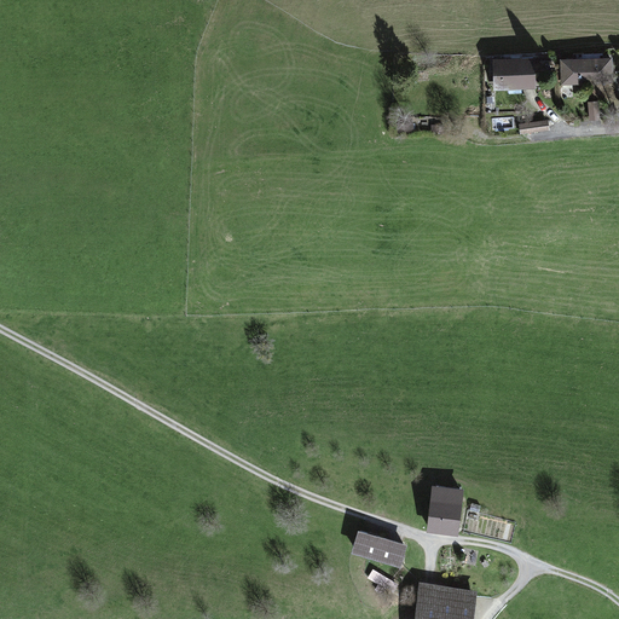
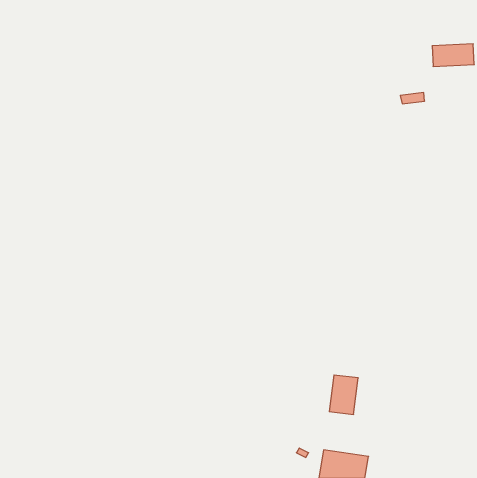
building: [492,58,534,91] -> none
building: [351,528,407,567] -> none

